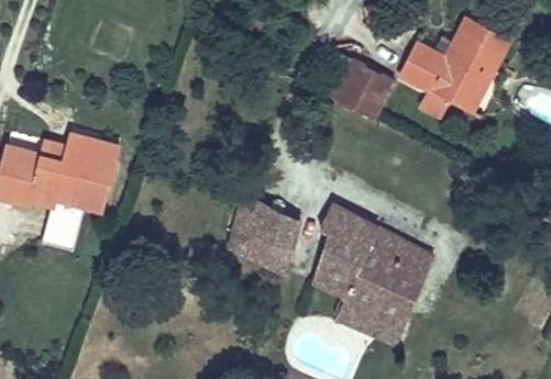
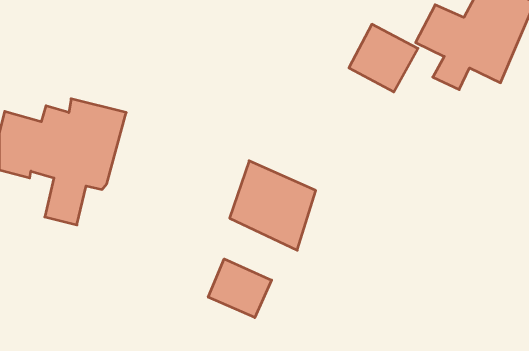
building: [309,201,434,349] -> none
building: none -> [208,259,272,318]

